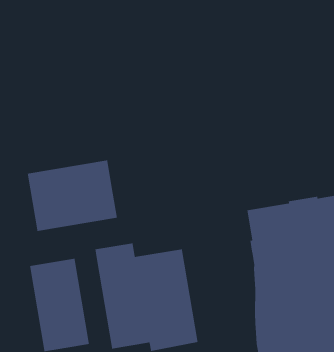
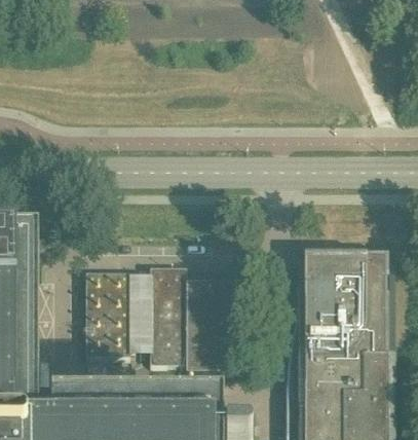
building: [27,159,118,232] -> none

